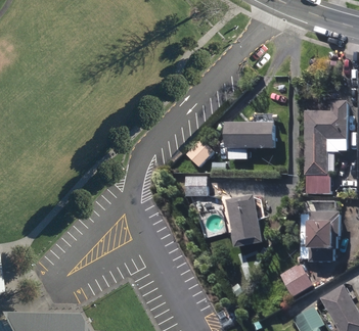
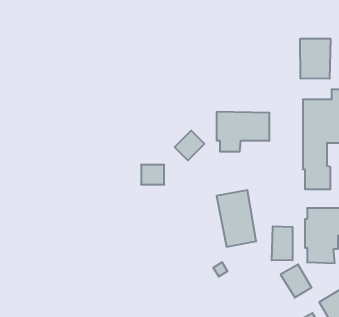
building: none -> [300,39,330,79]
building: [185,177,207,195] -> [141,165,164,185]
building: none -> [272,226,292,260]

